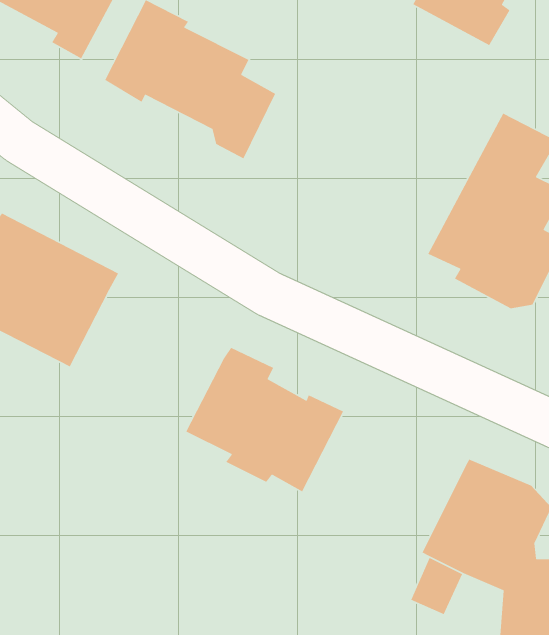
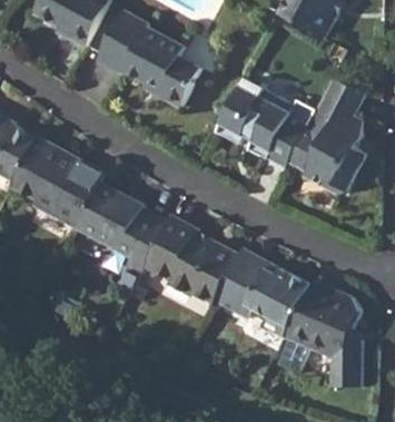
building: none -> [215,79,315,167]
building: none -> [77,183,167,272]
building: none -> [214,247,310,337]

